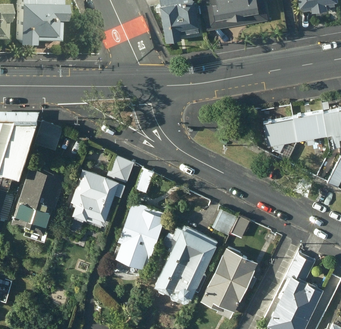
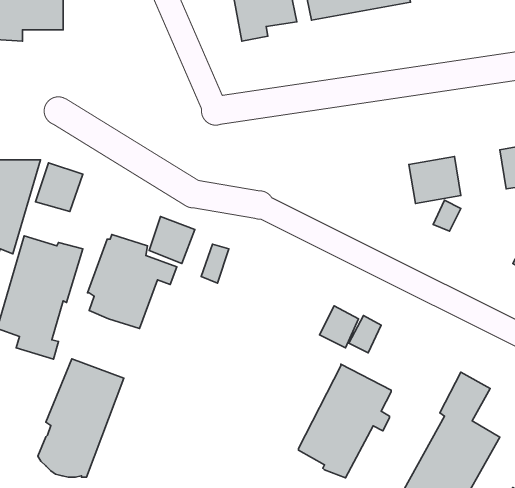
building: [296,113,328,141] -> none
building: [112,201,165,274] -> [38,359,124,477]
building: [152,225,218,303] -> none

